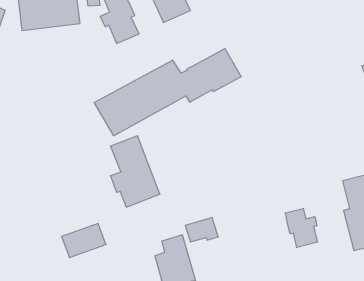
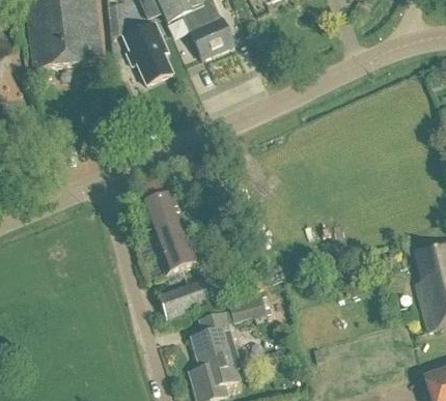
building: [94,48,241,136] -> none
building: [285,208,317,248] -> none
building: [62,224,106,258] -> [156,276,208,316]

